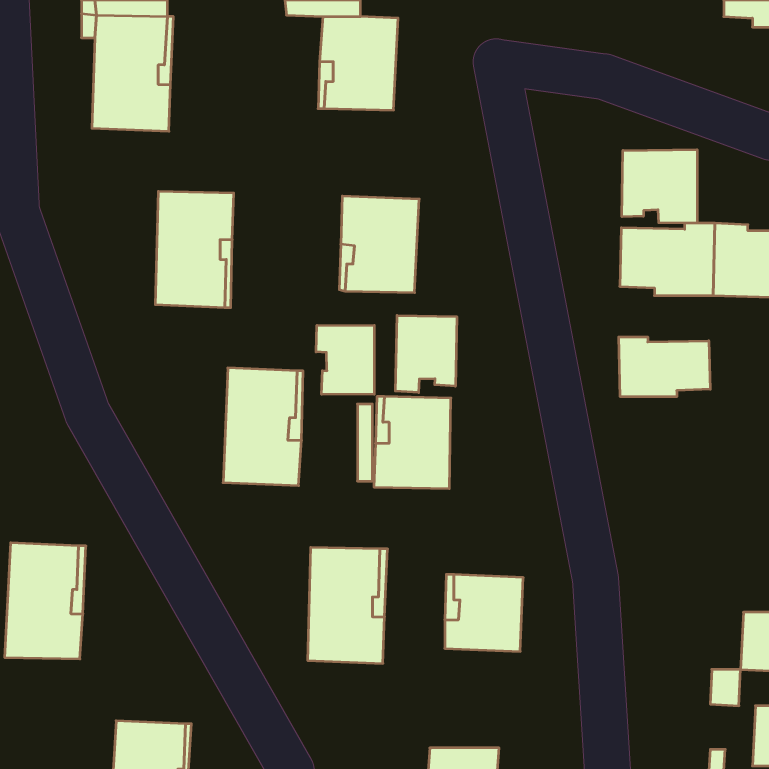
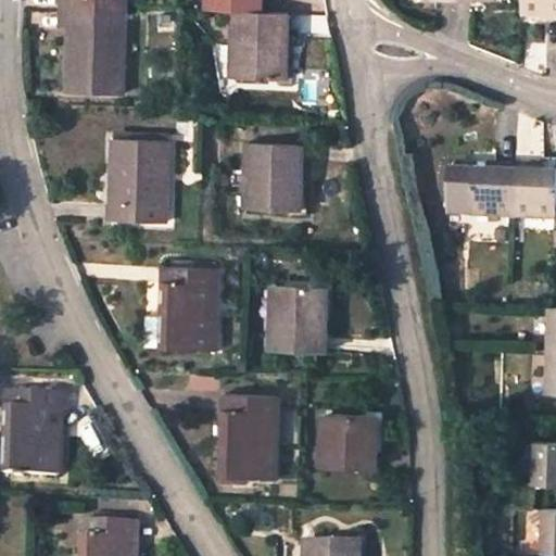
building: [622,150,697,223] -> none
building: [395,315,457,393] -> none
building: [316,325,374,394] -> none
building: [619,337,710,397] -> none

